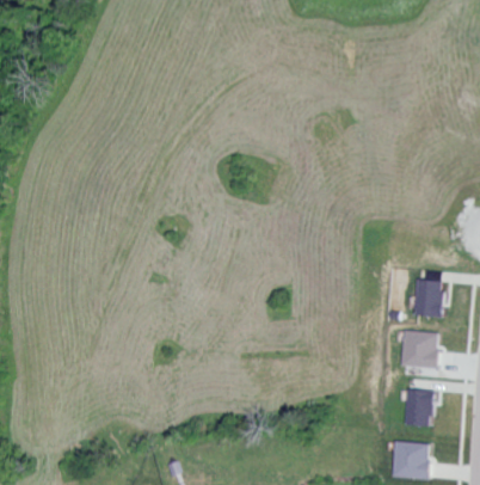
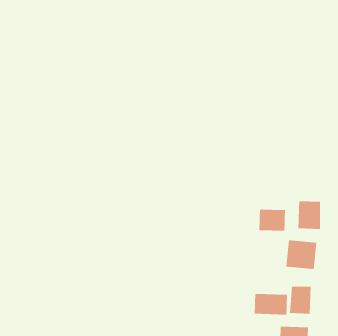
building: none -> [259,209,285,231]
building: none -> [254,293,288,315]

